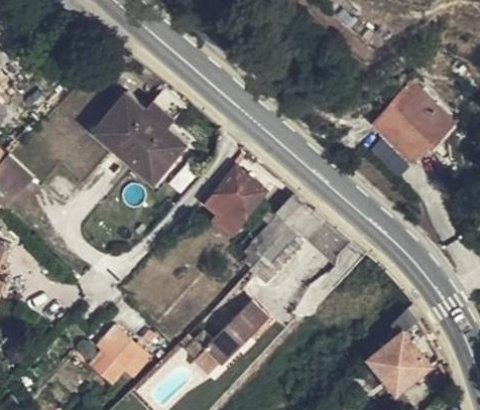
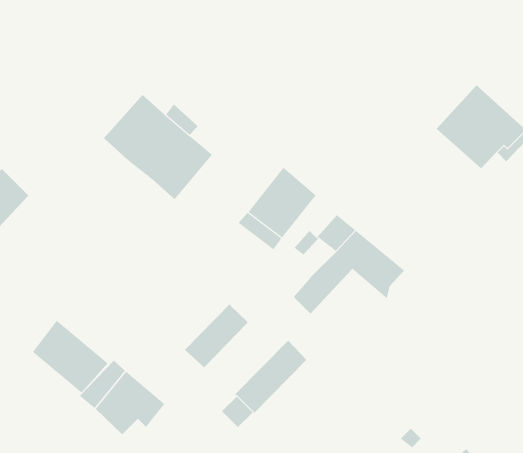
building: none -> [184,303,249,368]
building: none -> [32,320,108,393]
building: [369,310,429,394] -> none

